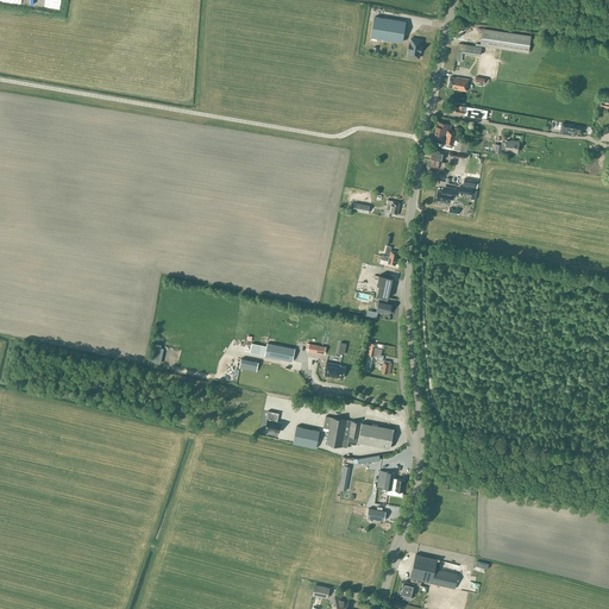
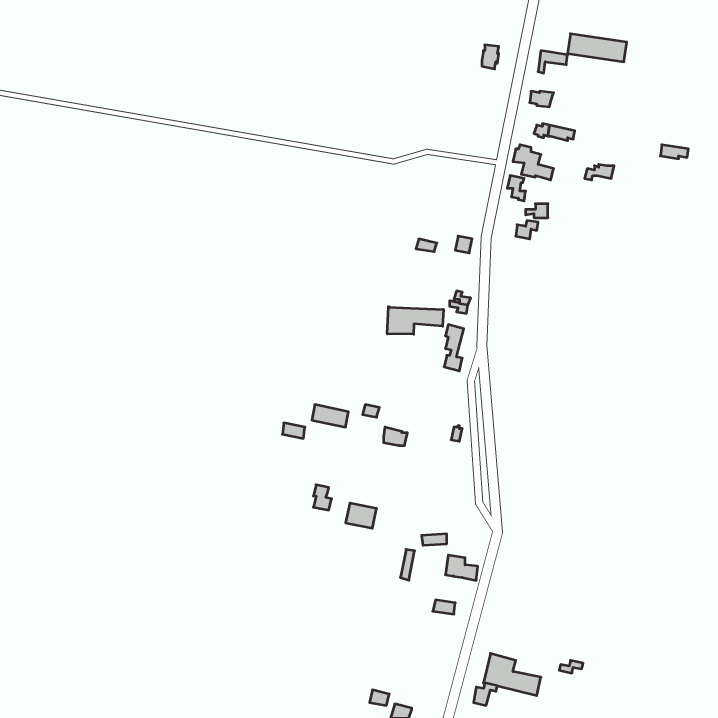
building: [371,17,406,42] -> none
building: none -> [387,307,443,334]
building: [324,416,394,448] -> none

